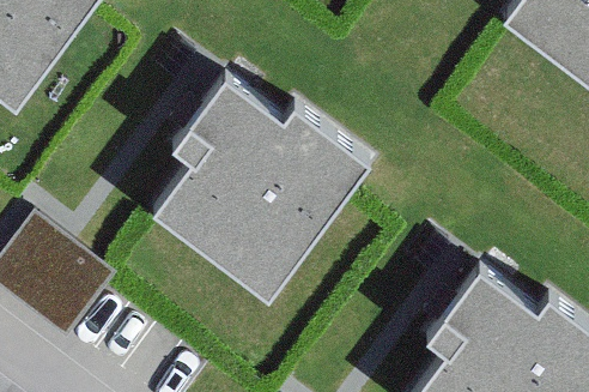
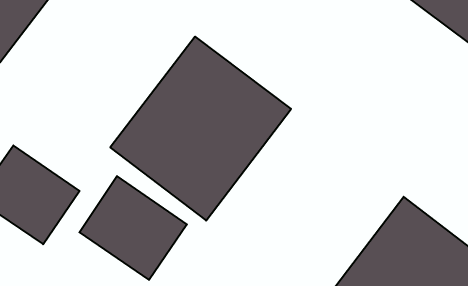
building: none -> [79,176,187,280]

